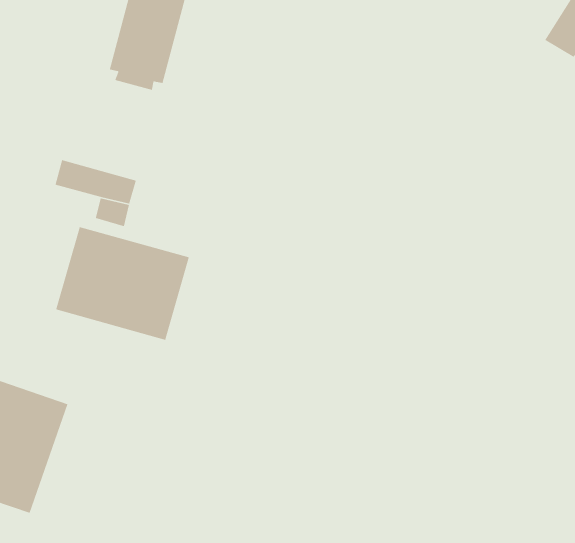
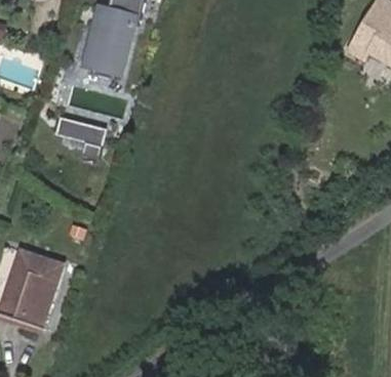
building: [55,226,190,341] -> none

